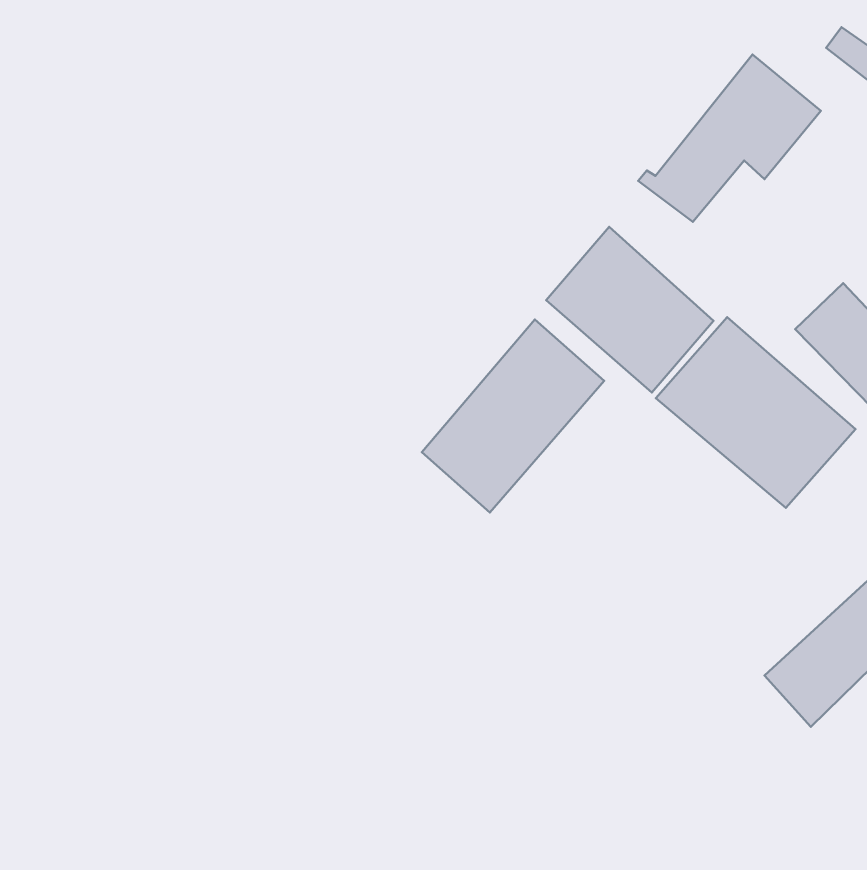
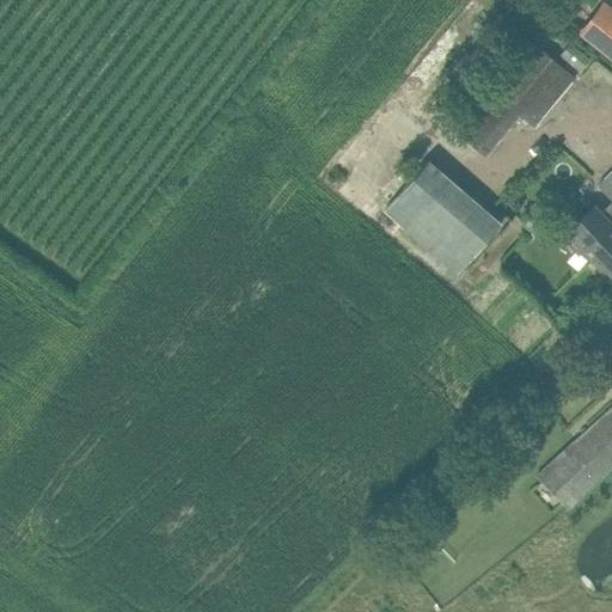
building: [656,317,856,508] -> none
building: [422,319,604,513] -> none

